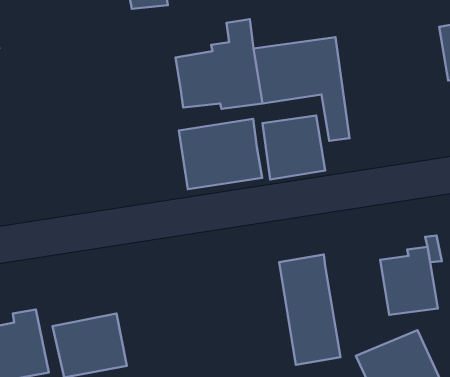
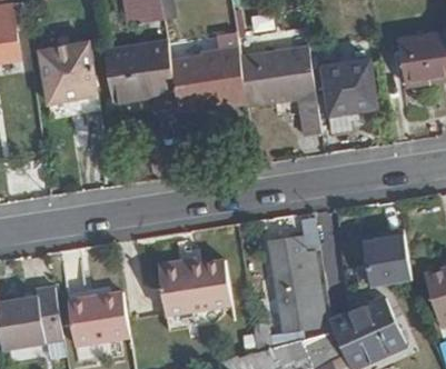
building: none -> [43,42,102,110]
building: [263,115,325,179] -> [324,59,378,114]
building: [179,119,262,189] -> [105,40,177,101]
building: none -> [157,260,232,317]

